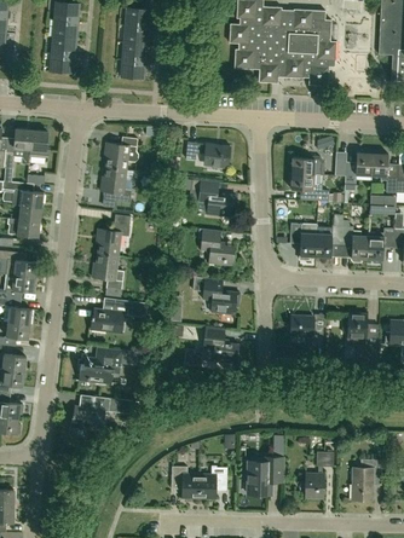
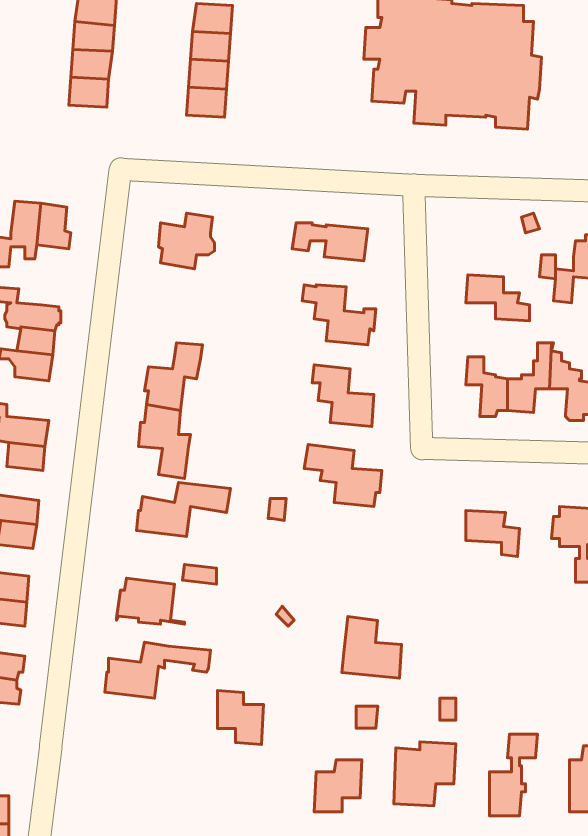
building: [292,155,324,174] -> none
building: [99,166,131,202] -> none
building: [202,325,238,363] -> [342,616,402,678]
building: [172,465,200,498] -> [217,691,263,745]

